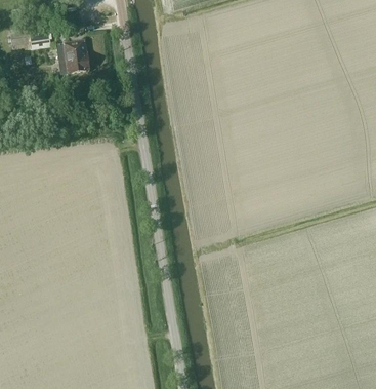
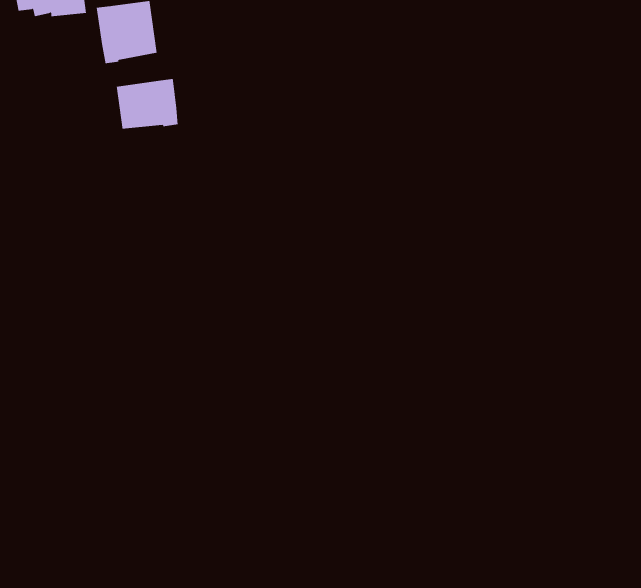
building: none -> [116,78,178,130]

